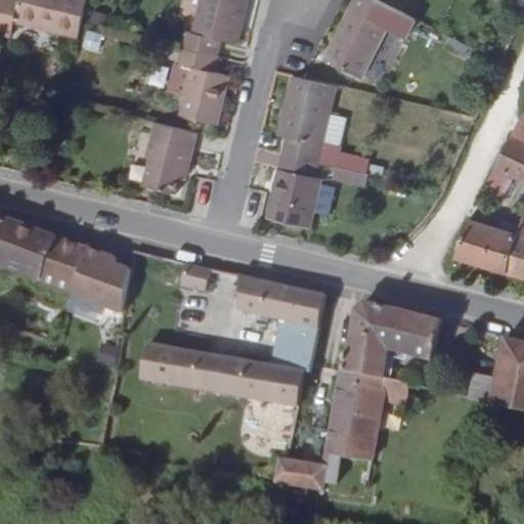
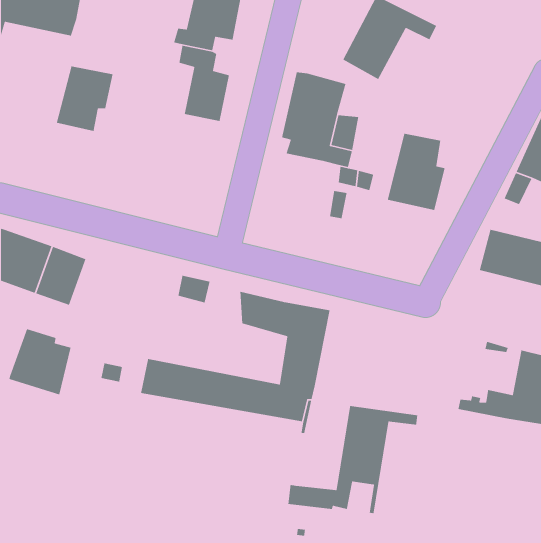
building: [135,119,190,182] -> [56,65,113,132]
building: [262,147,318,222] -> [387,133,446,211]
building: [71,248,131,312] -> [8,328,72,395]
building: [340,304,439,397] -> none

